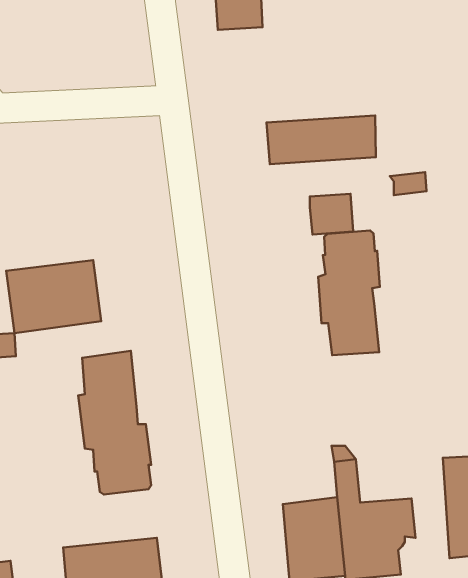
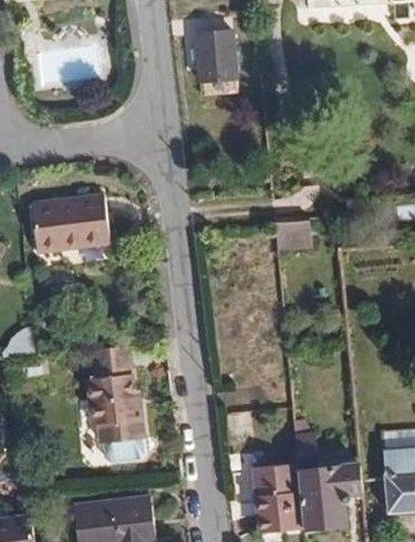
building: [266,115,376,164] -> none
building: [318,230,380,355] -> none
building: [6,260,101,333] -> [30,193,107,253]

